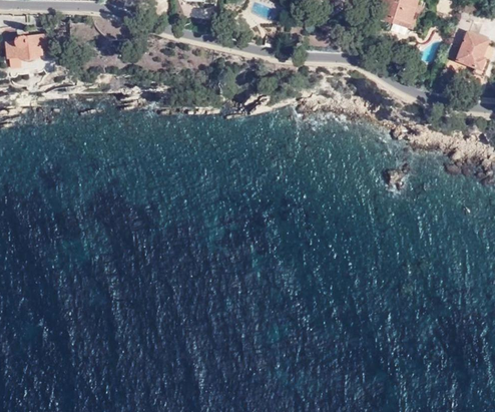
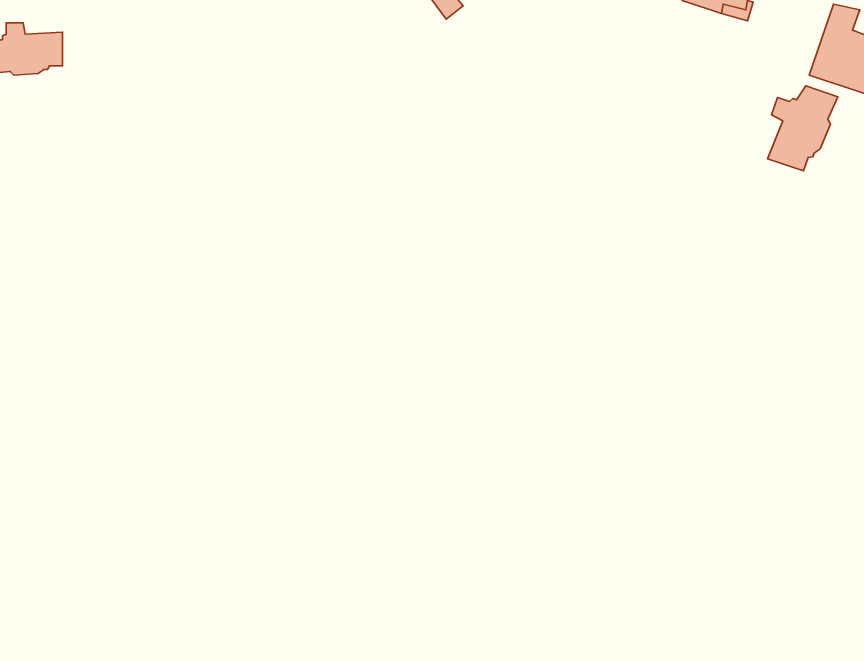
building: none -> [768,86,838,171]

